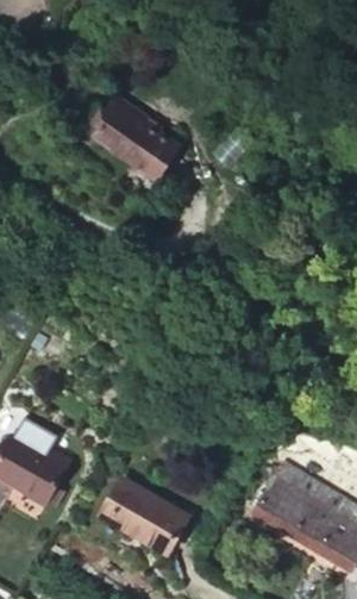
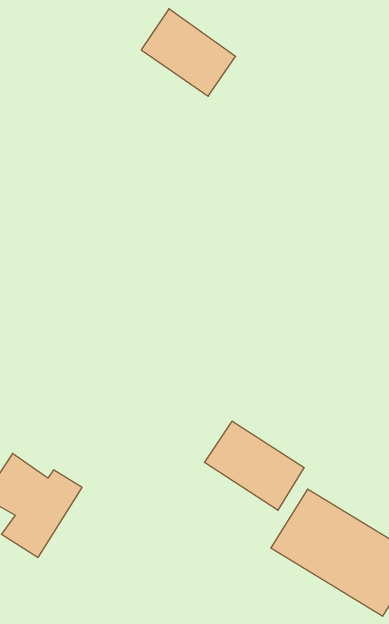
building: [96,85,178,161] -> [141,9,236,96]
building: [100,476,187,554] -> [204,421,304,510]

